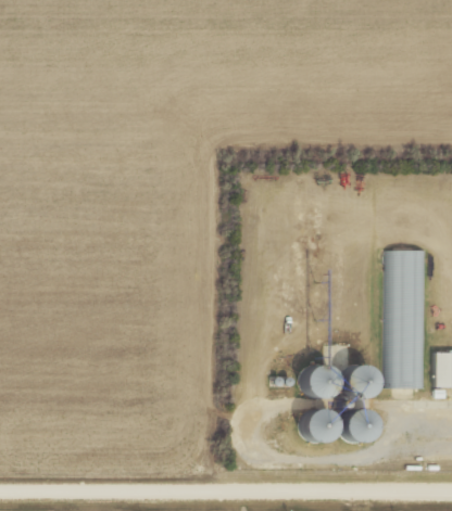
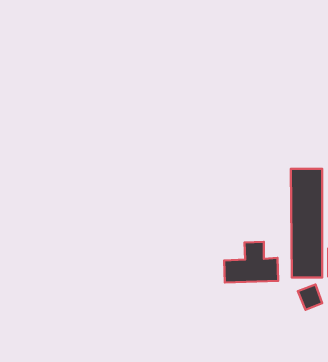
building: [294,409,331,446] -> none
building: [339,411,371,444] -> [298,285,322,310]

